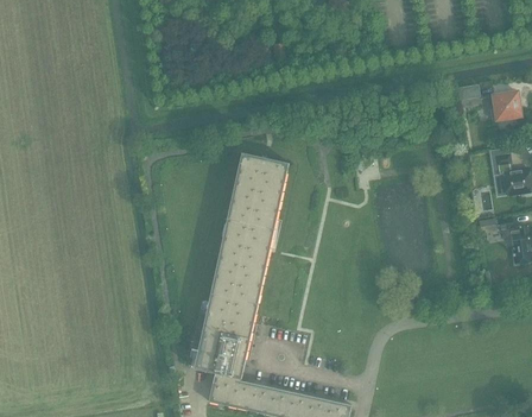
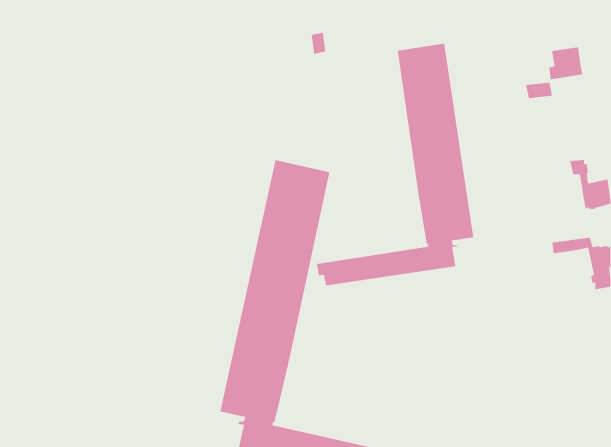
building: none -> [316,43,474,286]
building: [490,91,520,120] -> [548,47,583,80]

